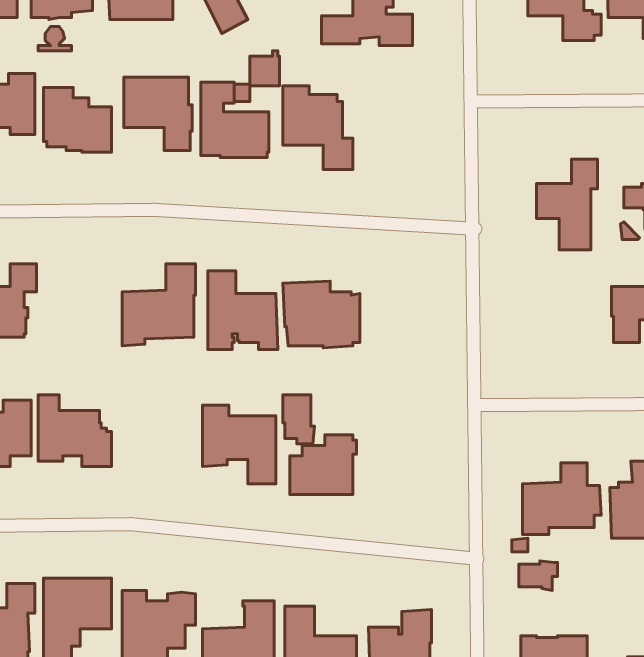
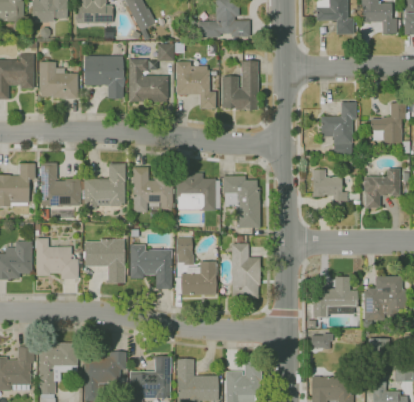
building: none -> [222,60,258,110]
building: none -> [39,163,80,206]
building: none -> [312,170,347,207]
building: none -> [223,175,260,228]
building: none -> [85,239,125,284]
building: none -> [231,243,260,299]

